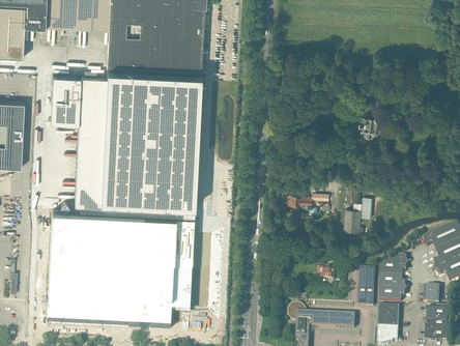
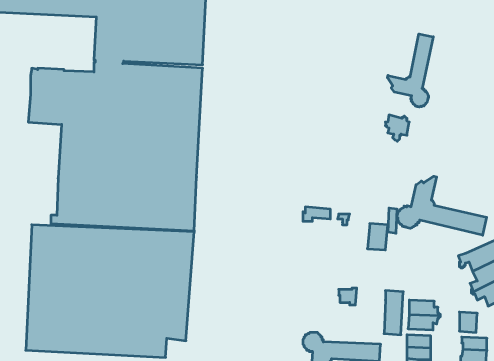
building: none -> [387,34,433,107]
building: none -> [397,176,487,235]
building: [380,255,408,276] -> none

